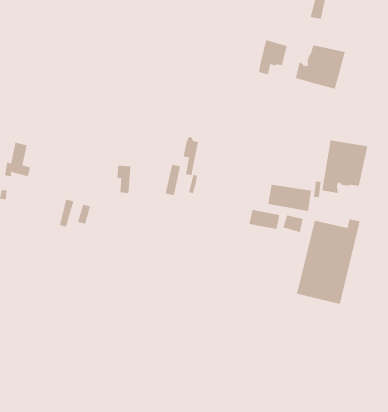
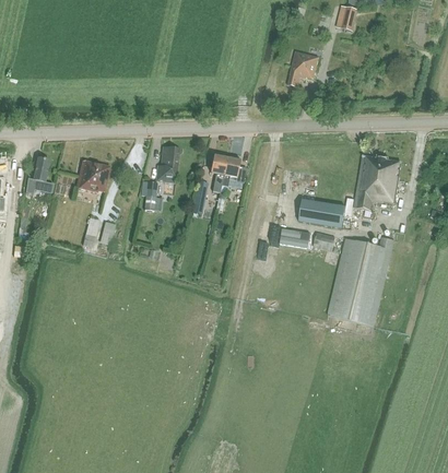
building: [295,45,345,89] -> none
building: none -> [155,146,178,182]
building: none -> [221,155,245,185]
building: none -> [75,158,109,190]

